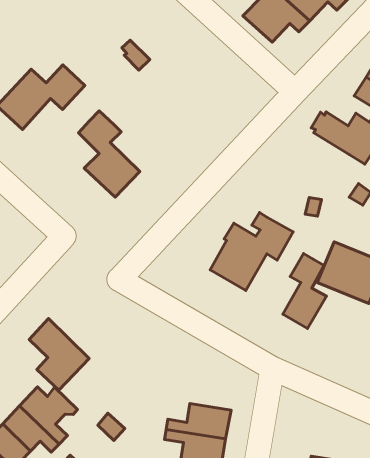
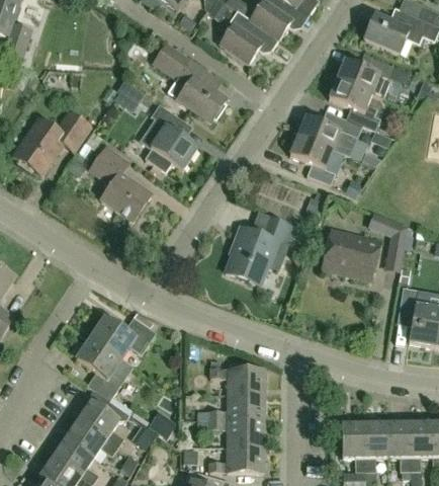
building: none -> [154,43,225,119]
building: none -> [144,103,197,171]
building: none -> [289,136,335,185]
building: [283,254,326,328] -> none
building: none -> [90,317,156,367]
building: none -> [209,367,264,392]

